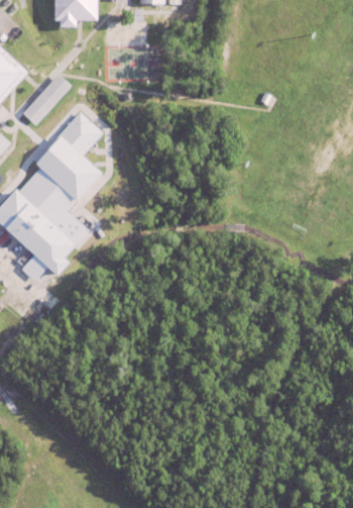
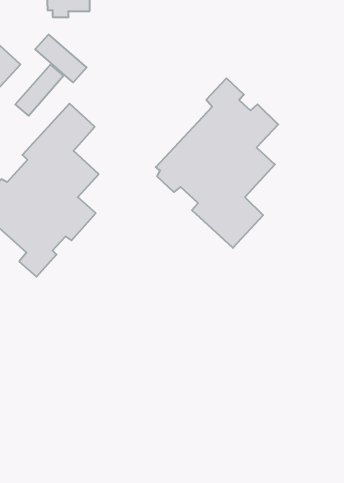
building: none -> [35,34,87,82]
building: none -> [156,78,278,248]

